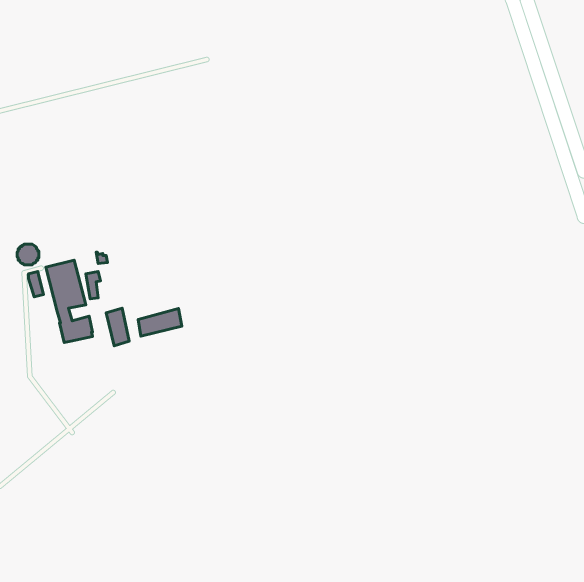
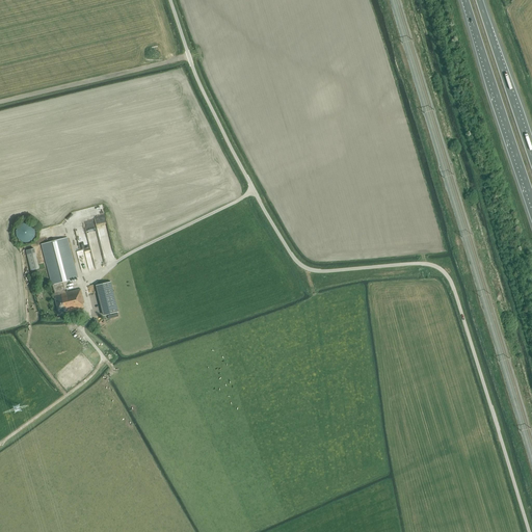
building: [138,309,182,336] -> none

